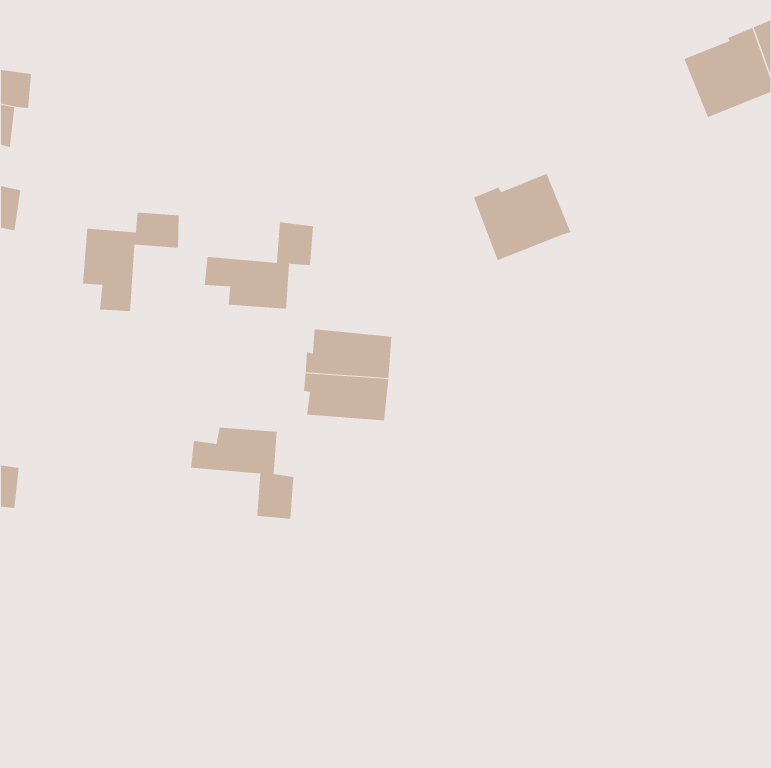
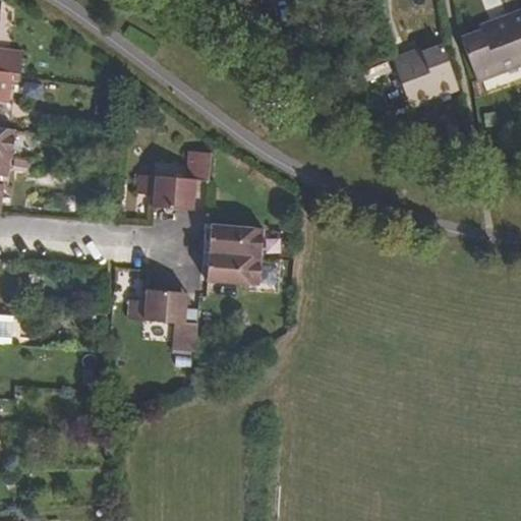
building: [473,173,571,261] -> [393,47,459,106]
building: [82,212,179,312] -> none

